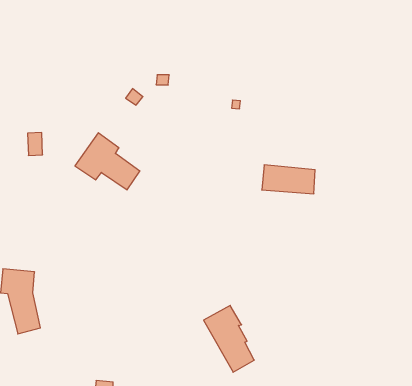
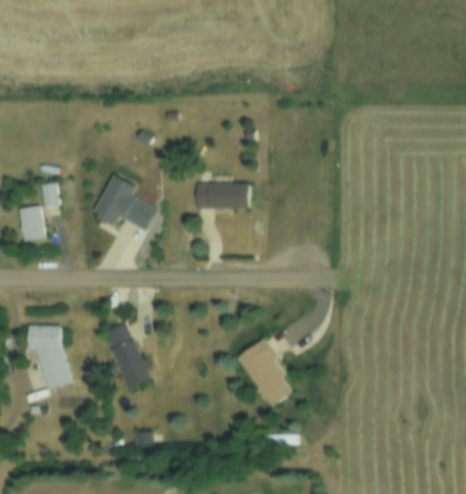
building: none -> [20,205,45,241]
building: [262,165,315,194] -> [196,184,249,210]
building: none -> [104,322,153,390]

